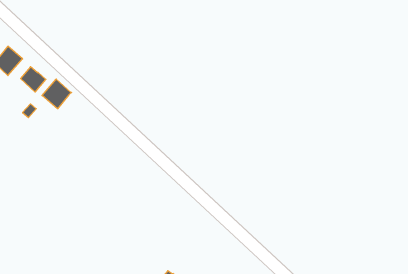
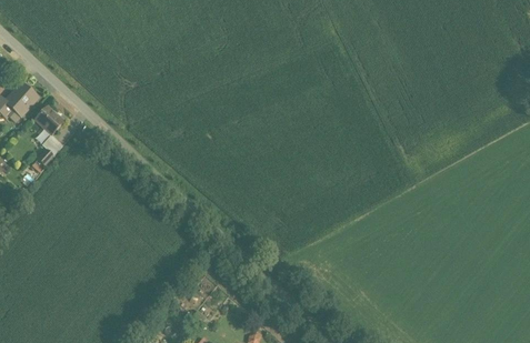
building: [42,79,72,109] -> none

